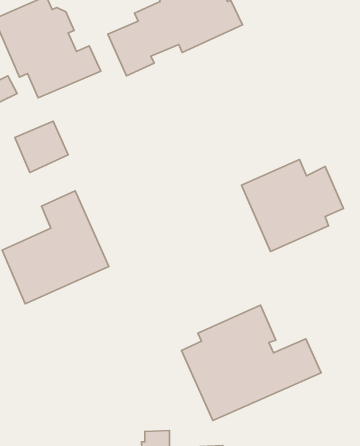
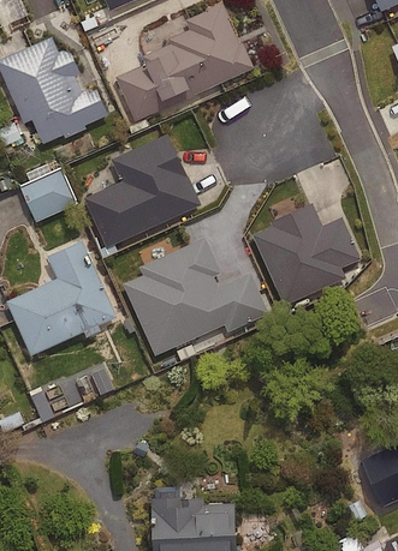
building: none -> [83,132,198,246]
building: [182,305,321,420] -> [121,236,266,355]

